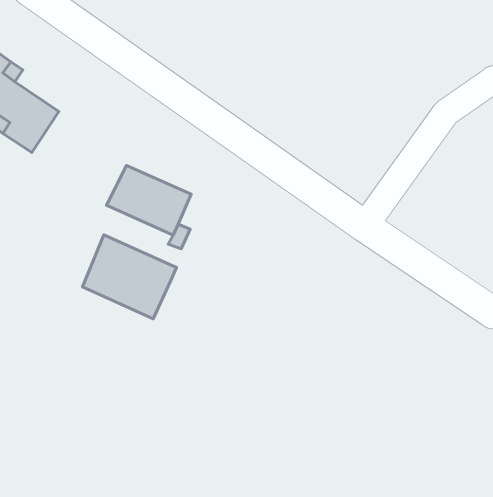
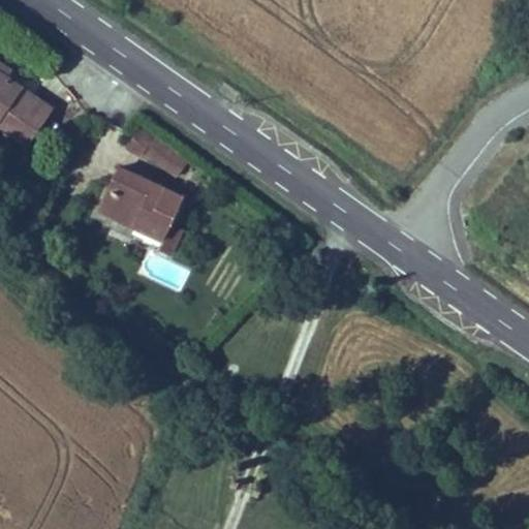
building: [83,235,177,319] -> none

